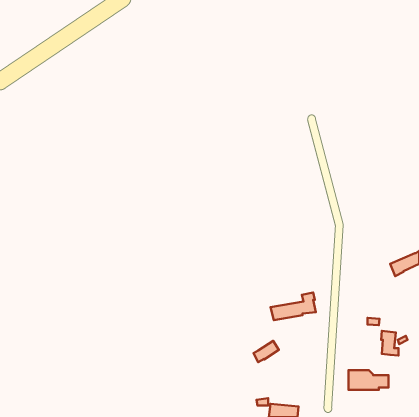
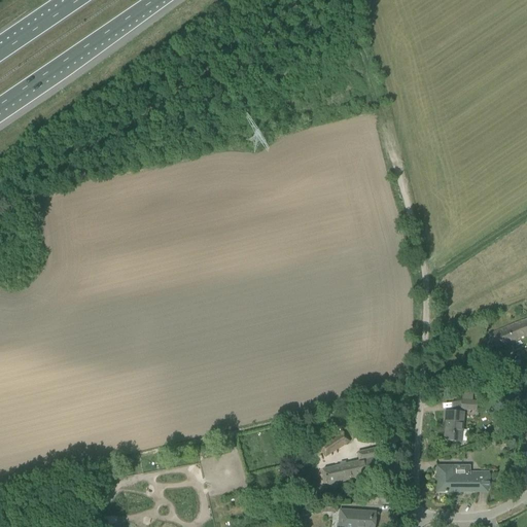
building: [271,292,316,320] -> [323,447,380,482]
building: [381,331,398,356] -> [444,410,465,441]

